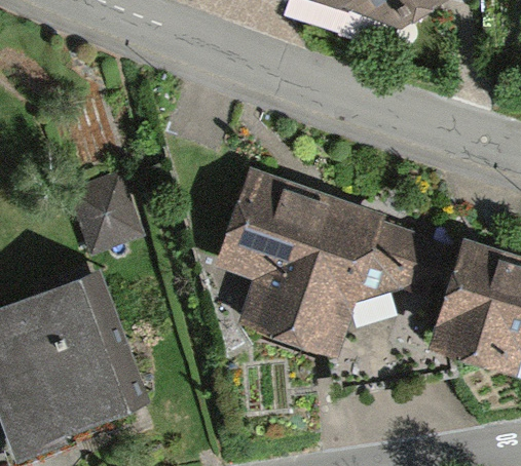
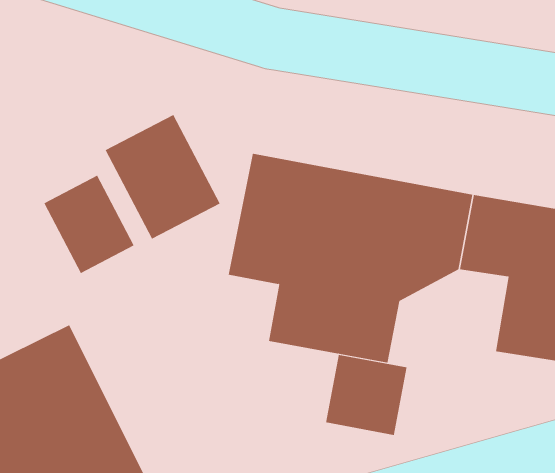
building: none -> [105,114,220,240]
building: none -> [326,354,407,436]

